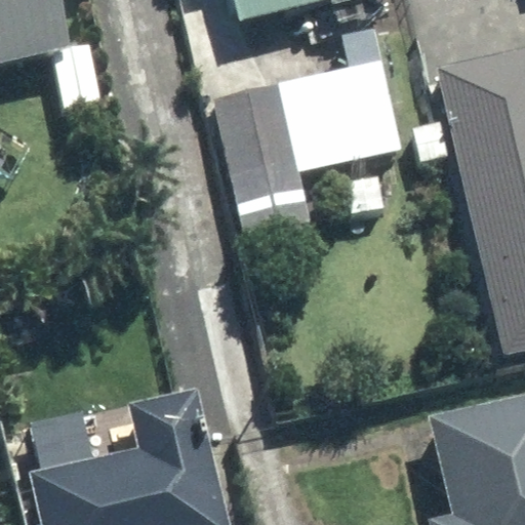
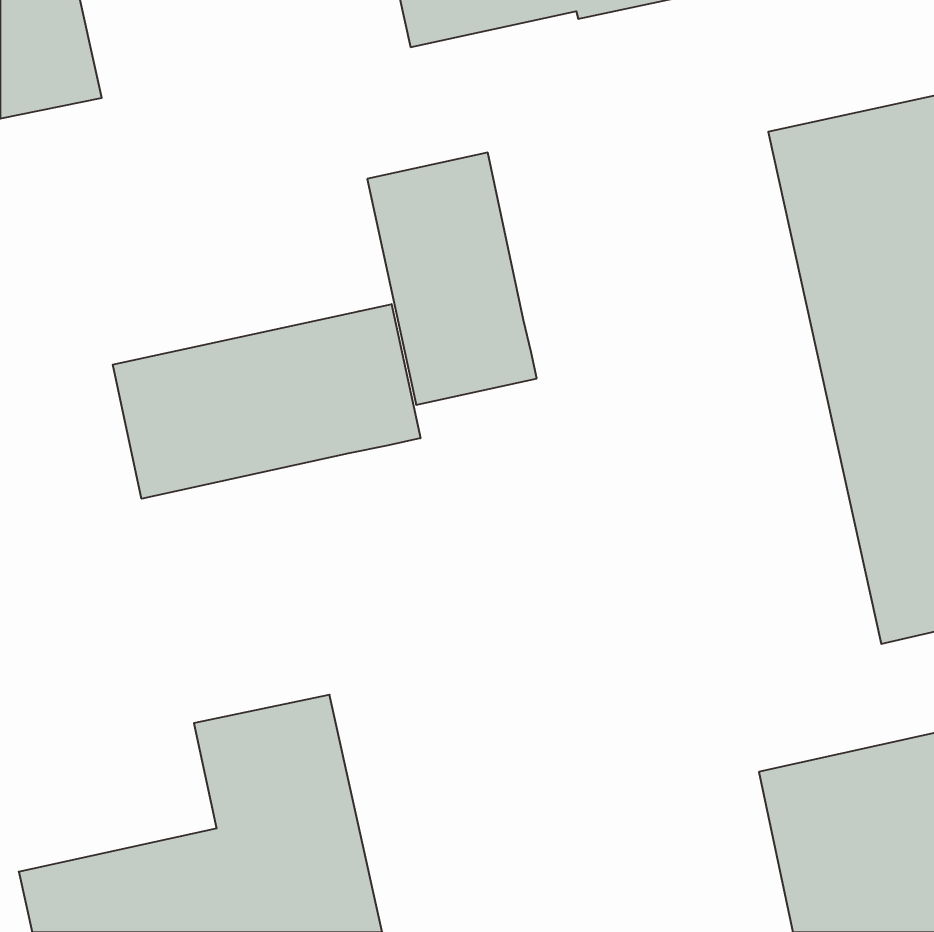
building: [281,28,406,174] -> none
building: none -> [113,304,420,499]

